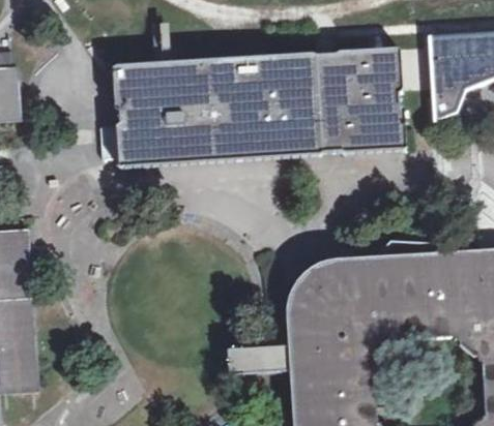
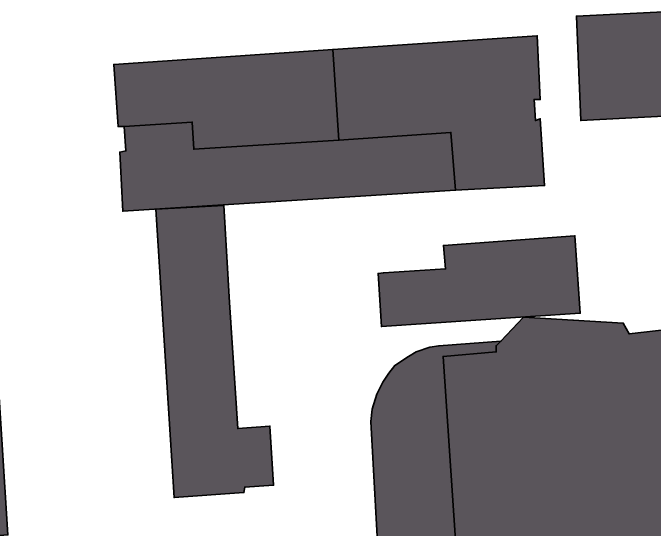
building: none -> [156,206,273,498]
building: none -> [378,236,580,327]

